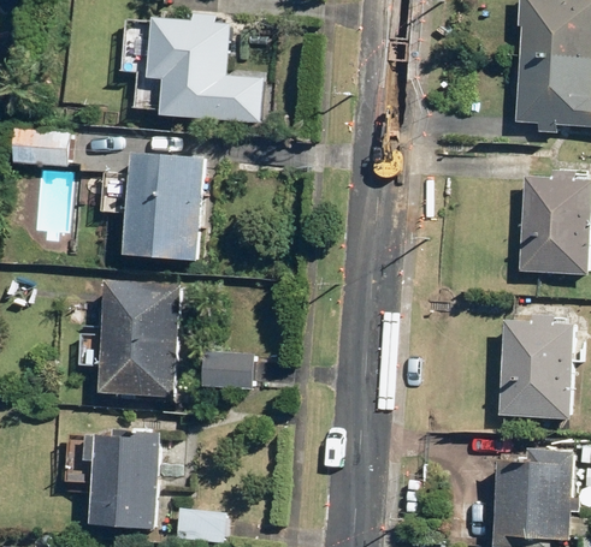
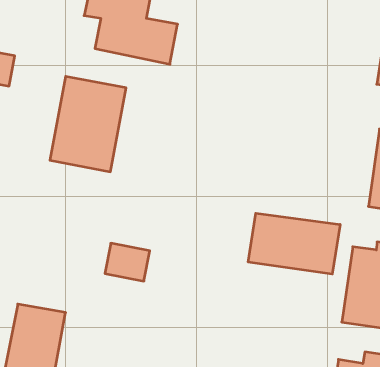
building: [99,277,182,398] -> none
building: none -> [248,213,340,274]

